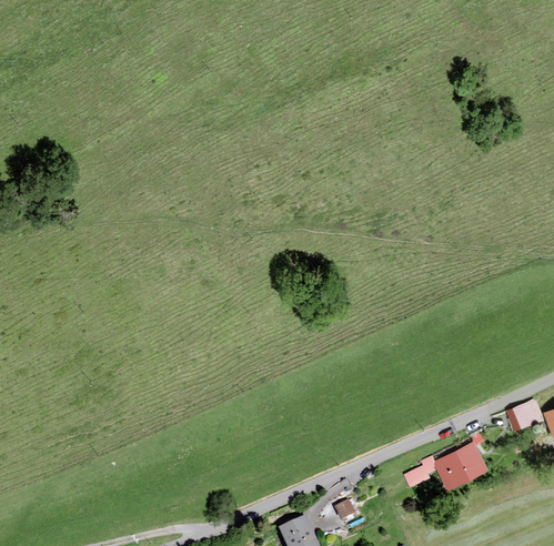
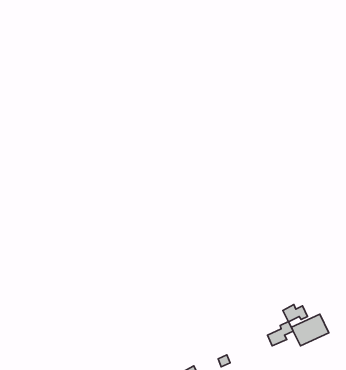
building: none -> [283,304,308,322]

